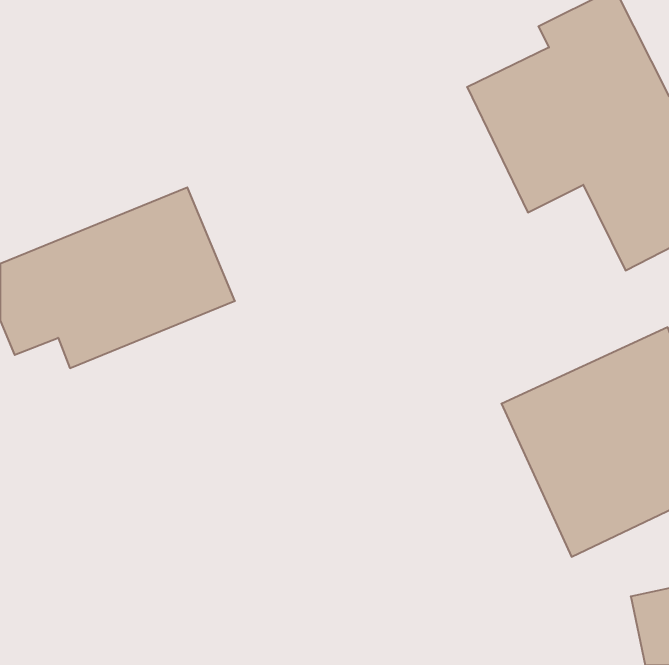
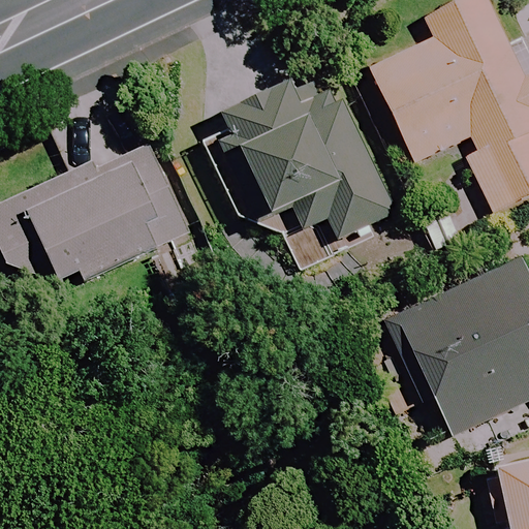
building: none -> [217,80,395,244]

